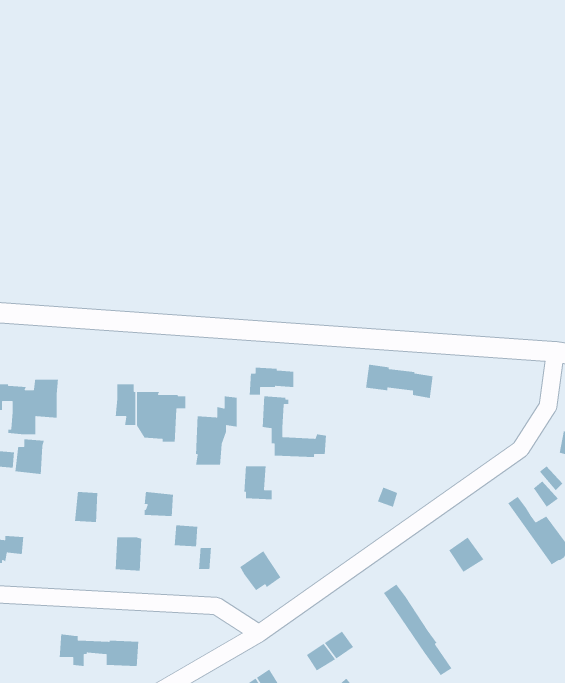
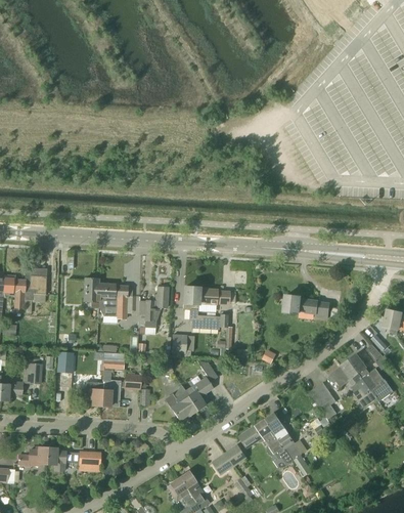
building: [365,364,433,399] -> [283,295,329,318]
building: [249,367,294,396] -> [197,289,228,308]
building: [14,439,45,475] -> [21,358,42,383]
building: none -> [329,359,377,409]
building: none -> [184,360,217,410]
building: none -> [101,369,120,407]
building: none -> [239,420,293,465]
building: none -> [17,447,47,467]

